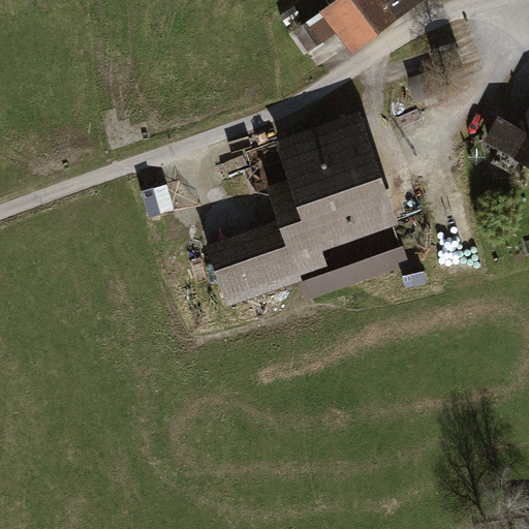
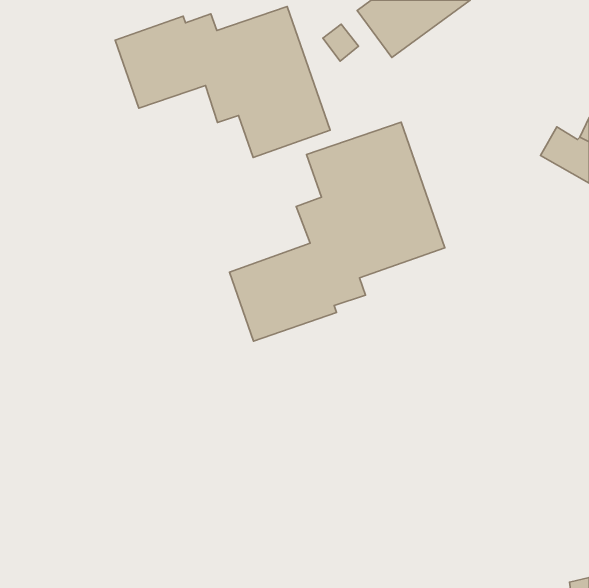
building: none -> [115,6,330,158]

